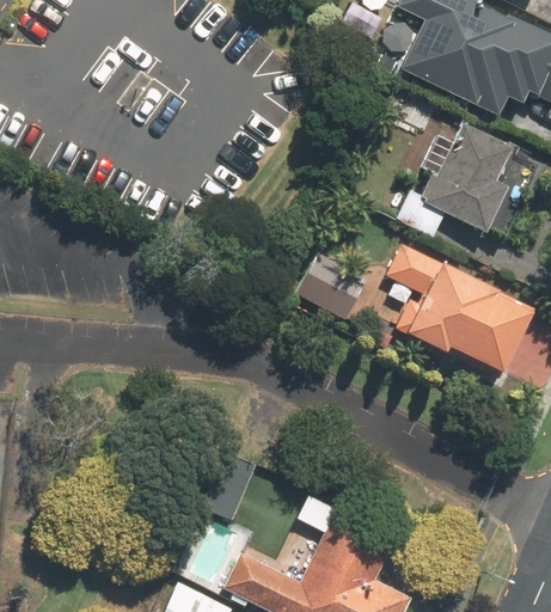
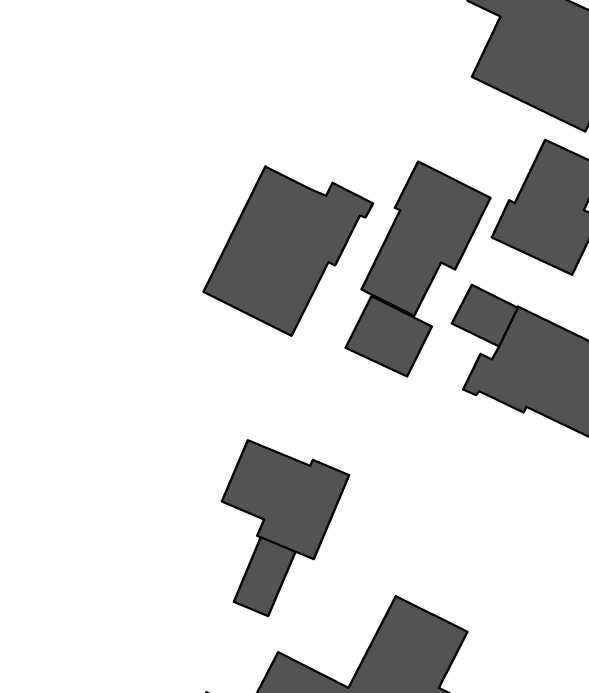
building: none -> [361,162,490,316]
building: none -> [203,166,373,336]
building: none -> [222,440,349,559]

